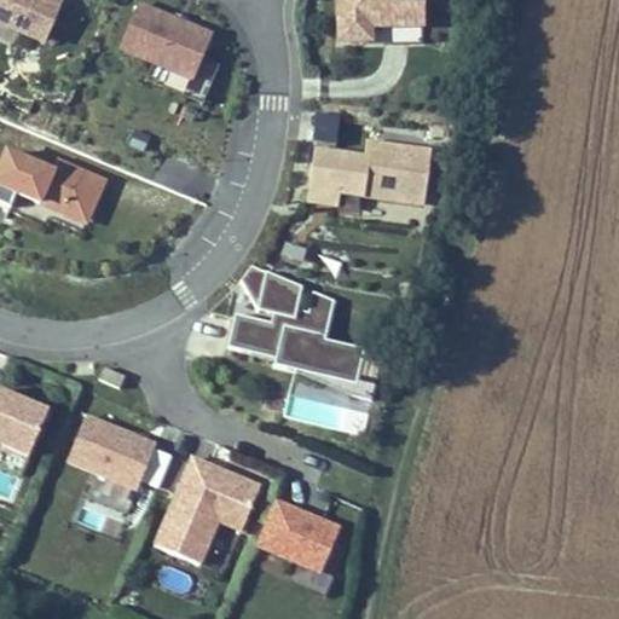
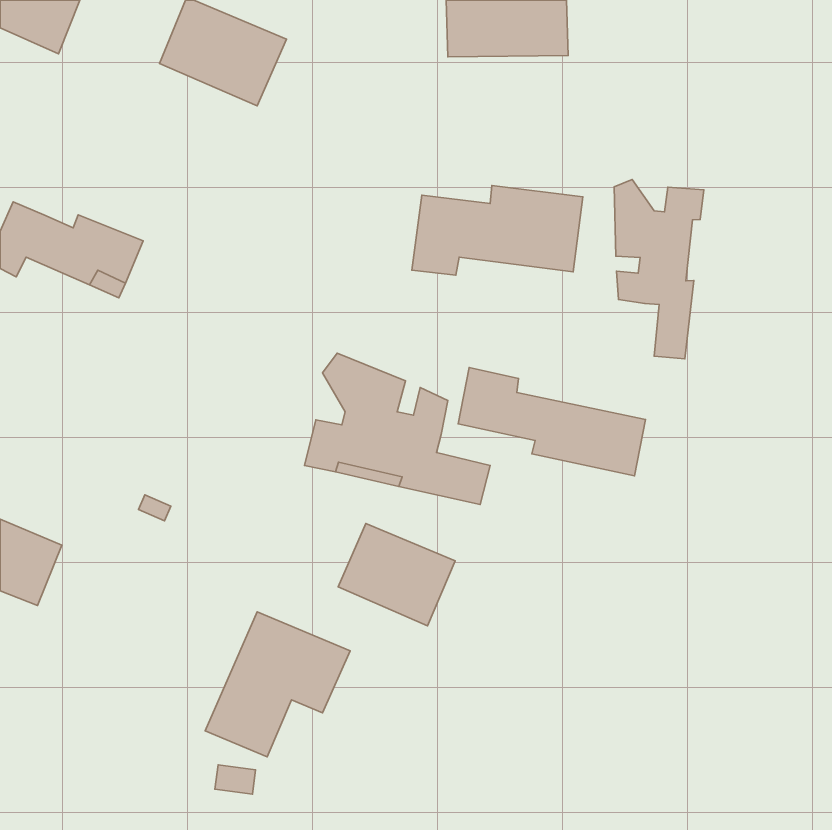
building: none -> [614,179,704,359]
building: none -> [458,368,645,476]
building: [68,412,160,492] -> none
building: [254,498,341,574] -> [338,523,455,626]

